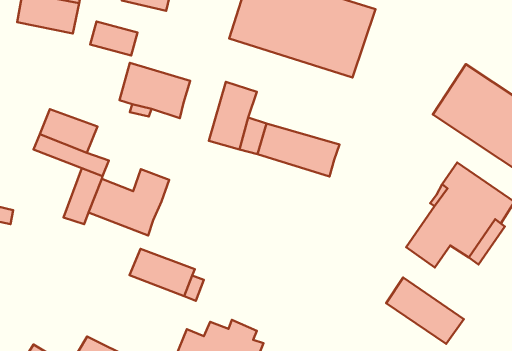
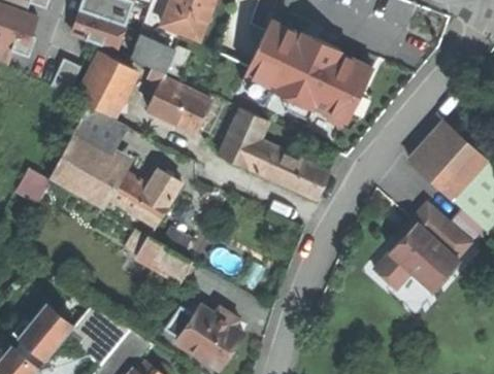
building: none -> [76,53,134,115]
building: none -> [48,140,108,201]
building: [386,277,464,344] -> none

